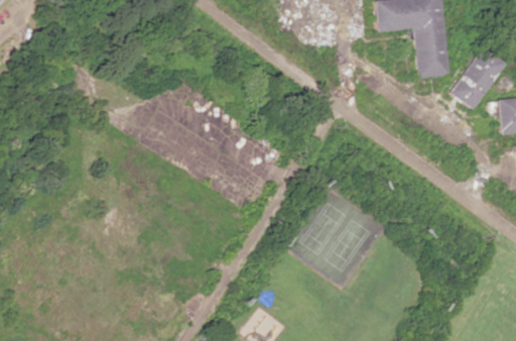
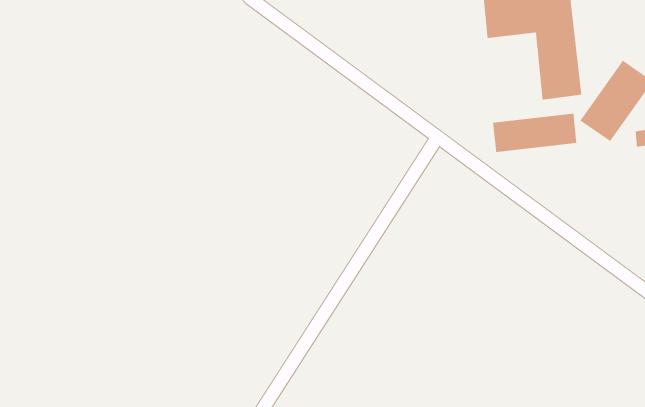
building: none -> [493,113,577,153]

